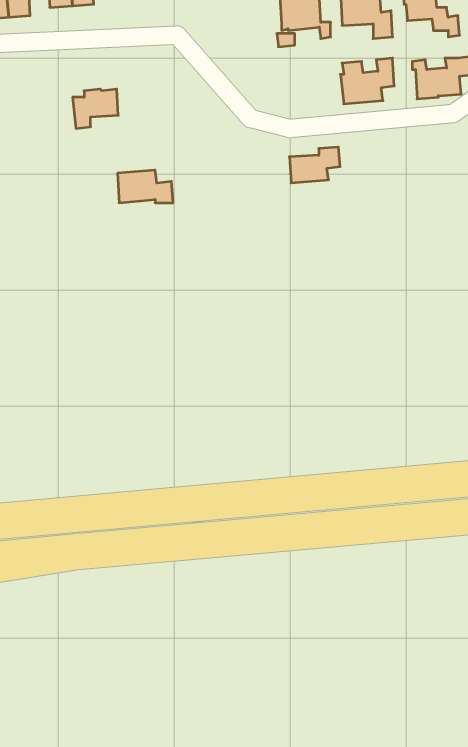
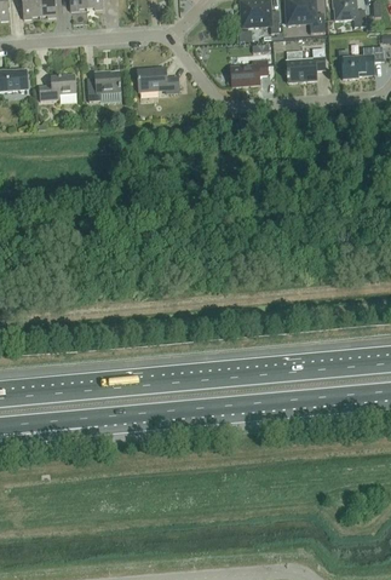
building: none -> [39,73,77,102]
building: [289,147,340,183] -> [230,58,268,85]
building: [118,170,173,203] -> [138,67,179,91]

